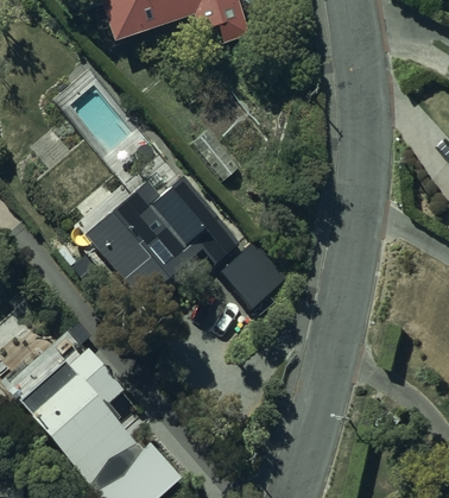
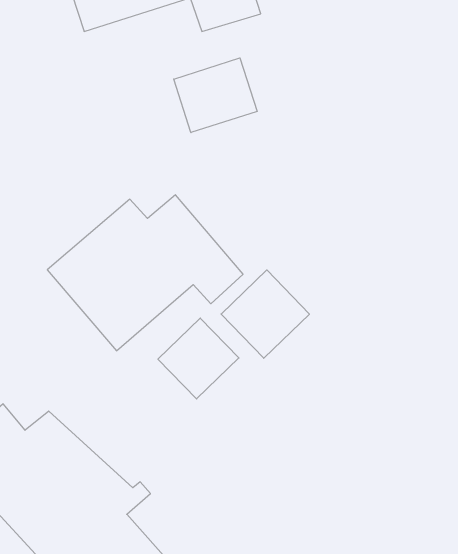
building: none -> [174,58,257,133]
building: none -> [158,318,239,399]

